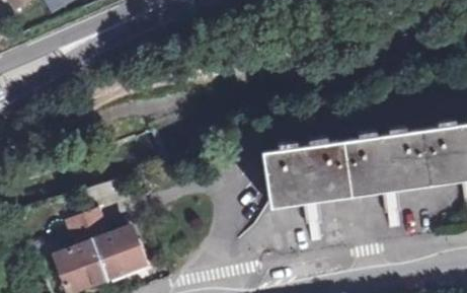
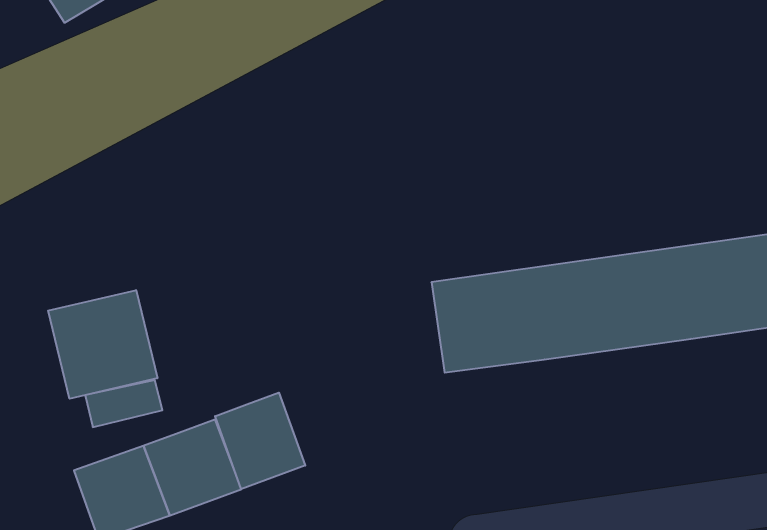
building: none -> [48,290,157,399]
building: none -> [215,393,305,489]

